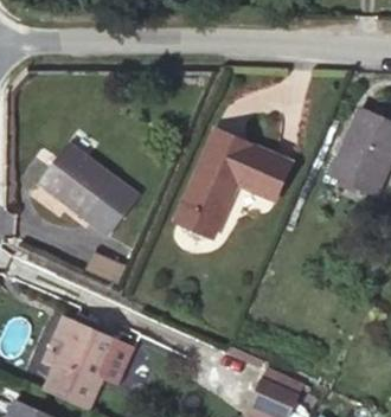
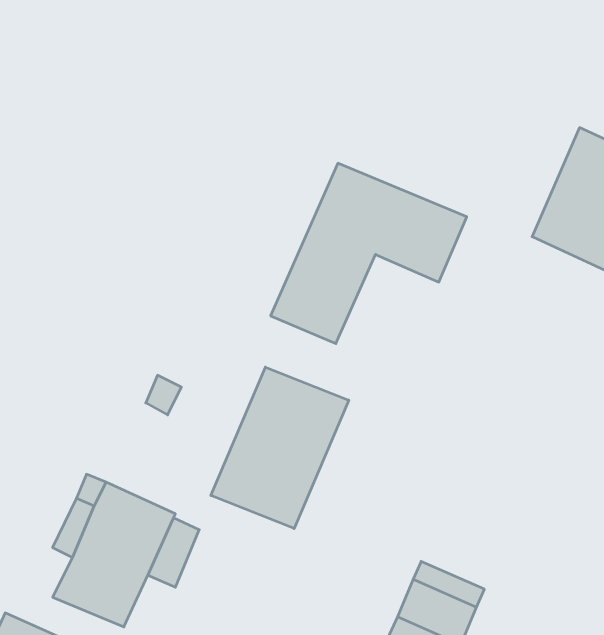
building: [37,142,137,235] -> none
building: none -> [211,367,349,529]

